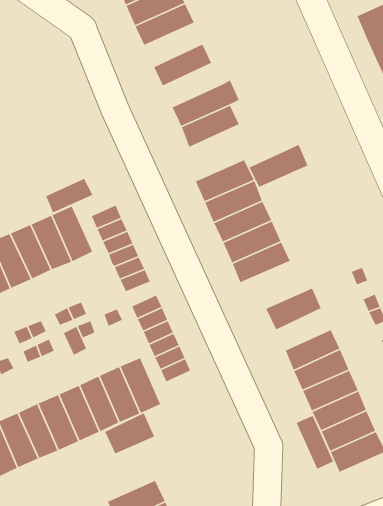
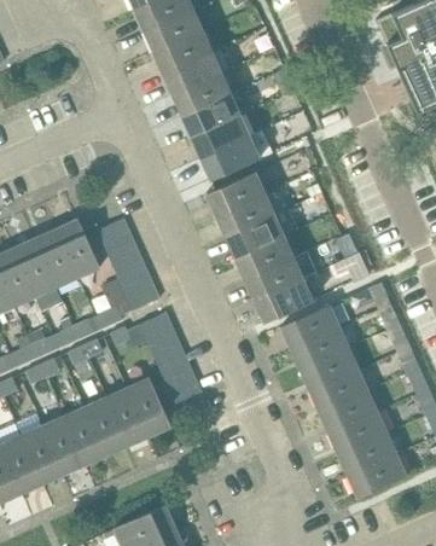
building: none -> [152,28,214,74]
building: none -> [172,70,233,116]
building: [248,144,308,188] -> [199,134,262,180]
building: [45,178,93,213] -> none
building: none -> [252,277,315,323]
building: none -> [100,279,133,326]
building: none -> [290,326,348,370]
building: [104,412,155,454] -> none
building: [295,415,334,470] -> none

